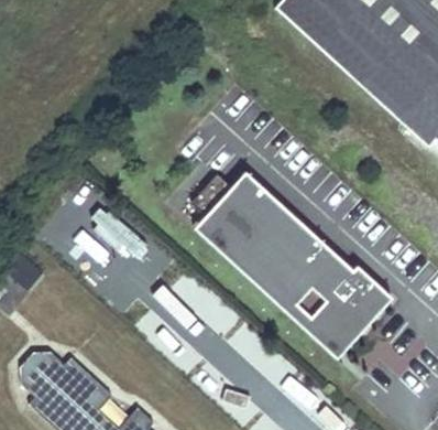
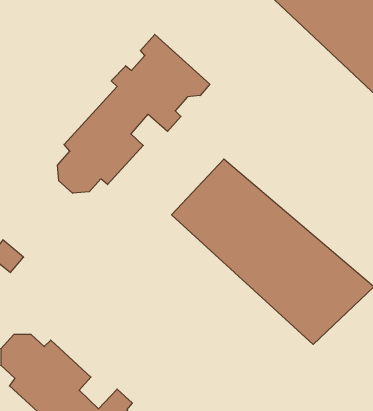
building: none -> [57,34,210,193]

